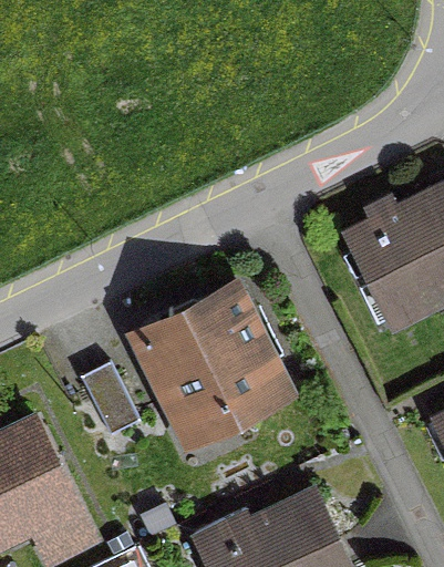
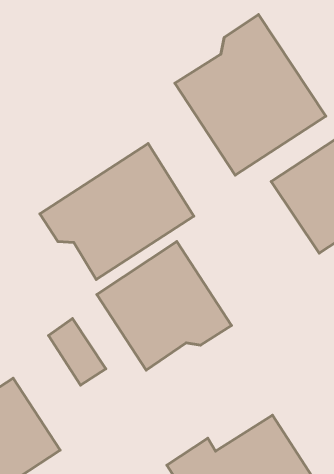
building: none -> [175,15,326,175]
building: none -> [40,144,194,279]

